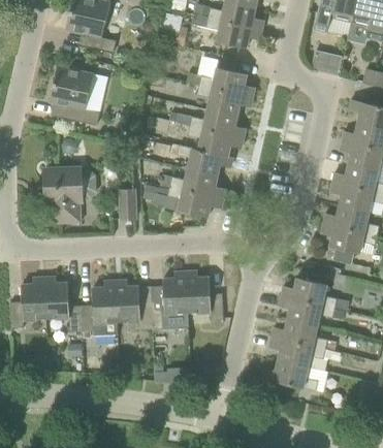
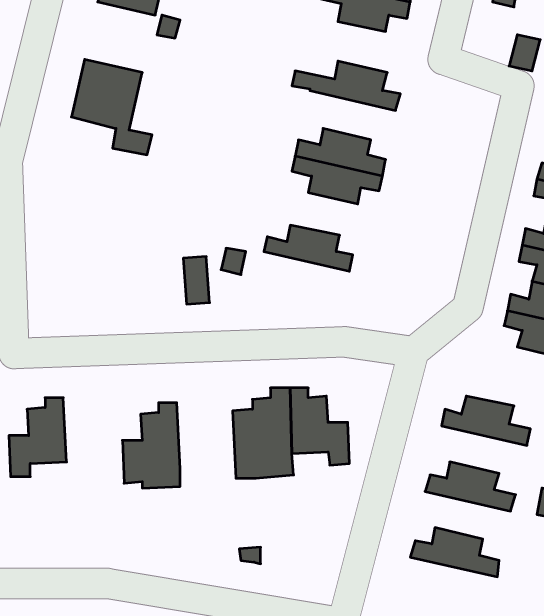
building: [196,86,253,117] -> none
building: [177,146,233,177] -> none
building: [44,168,83,223] -> none
building: [168,187,224,218] -> none
building: [44,278,83,332] -> none
building: [116,281,153,330] -> none
building: [279,296,336,326] -> none
building: [269,338,325,367] -> none

